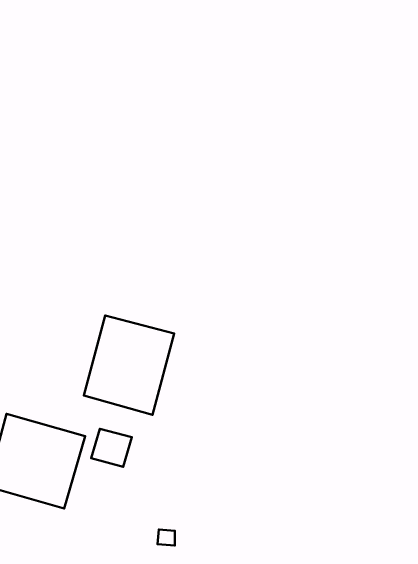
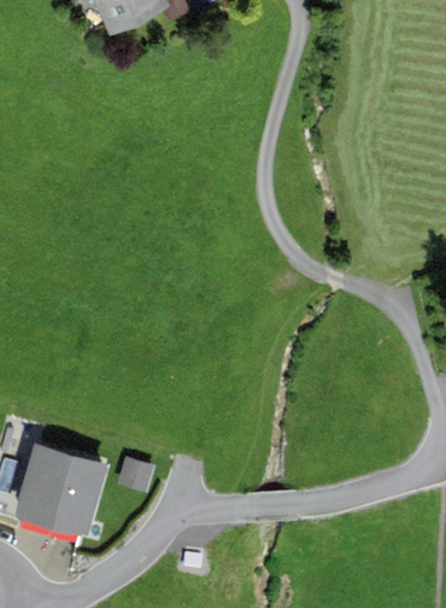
building: [84,315,174,415] -> none

